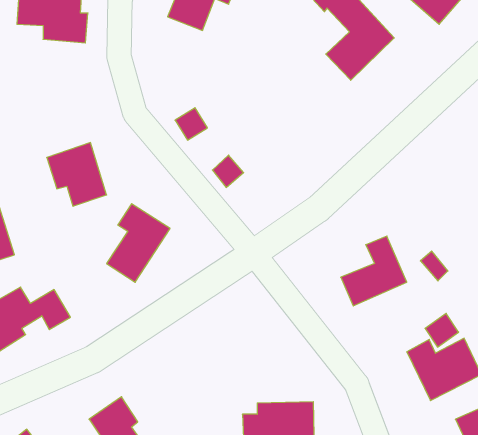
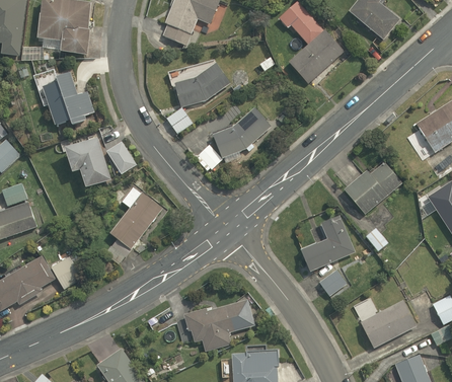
building: none -> [173,65,228,107]
building: none -> [40,73,91,128]
building: none -> [212,109,269,159]
building: none -> [104,142,136,176]
building: none -> [346,159,404,218]
building: [425,313,459,347] -> [319,268,347,295]
building: none -> [186,302,246,352]

